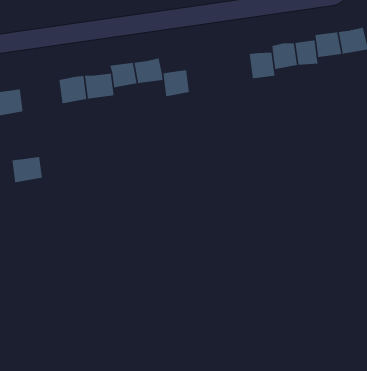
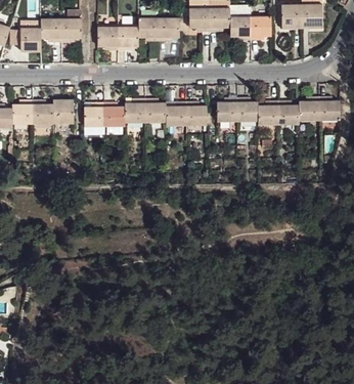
building: none -> [215,106,236,127]
building: none -> [186,112,207,131]
building: [12,156,43,183] -> [54,111,77,129]

